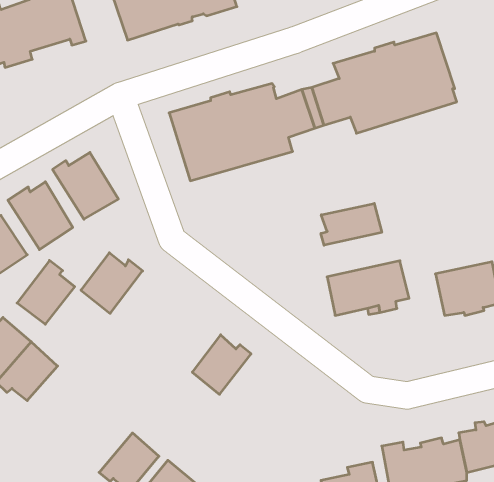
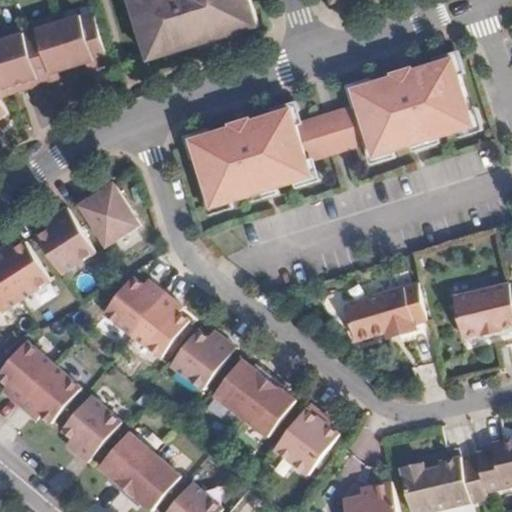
building: [321,203,382,245] -> none
building: [17,260,75,324] -> [130,293,187,356]
building: none -> [167,328,232,389]
building: none -> [238,375,293,437]
building: none -> [65,394,119,454]
building: none -> [270,403,335,474]
building: none -> [96,430,152,492]

